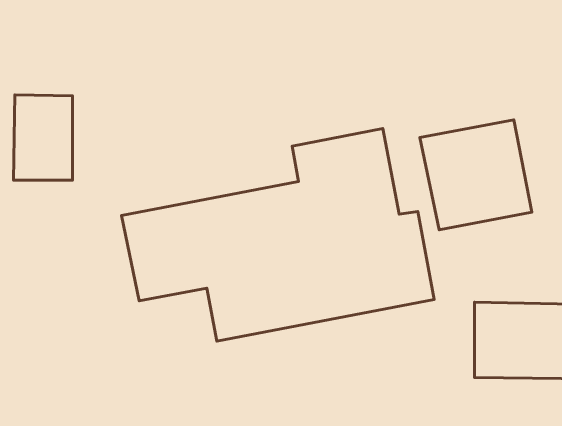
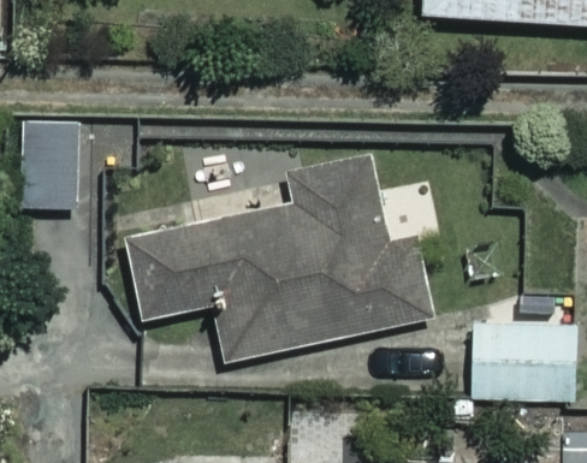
building: [420,120,532,230] -> none

